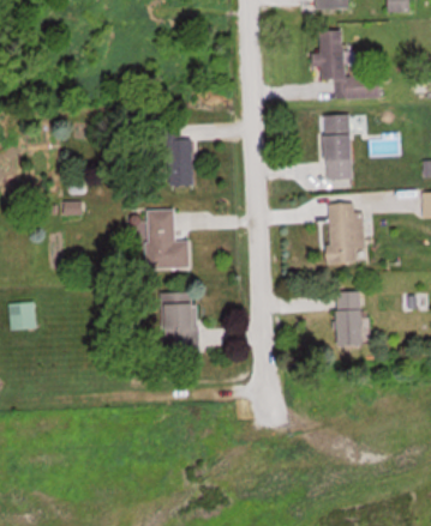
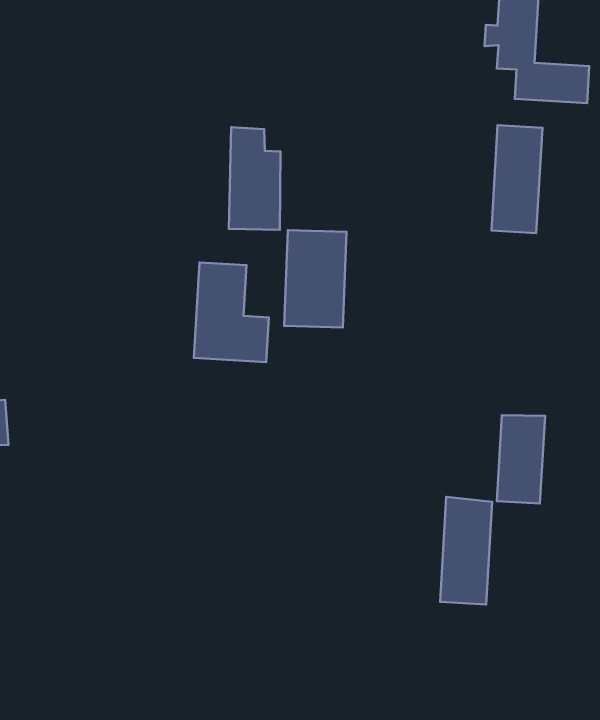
building: [327,202,363,262] -> none
building: [161,292,198,352] -> [284,230,347,327]
building: none -> [440,497,492,605]

